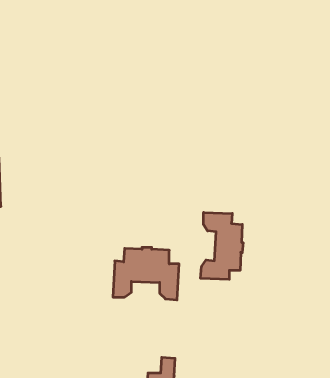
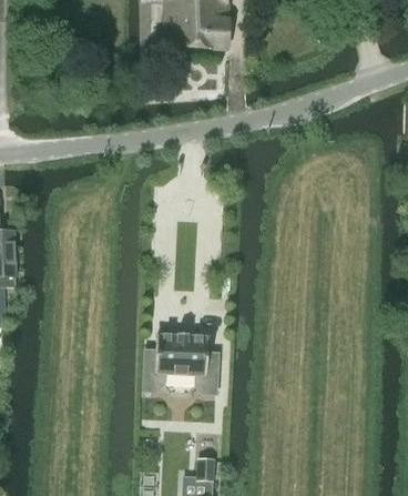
building: [201,212,243,279] -> none

